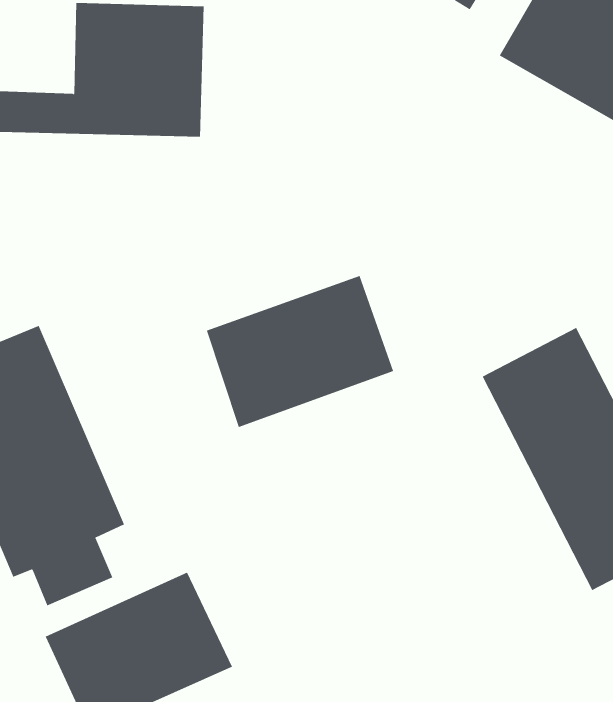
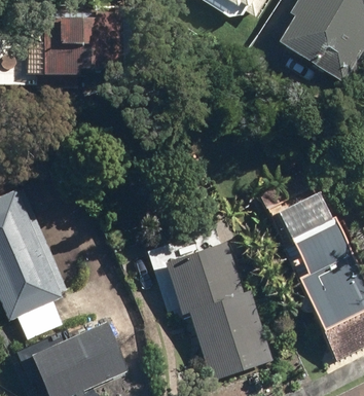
building: [206,275,394,428] -> none
building: none -> [163,242,280,383]

